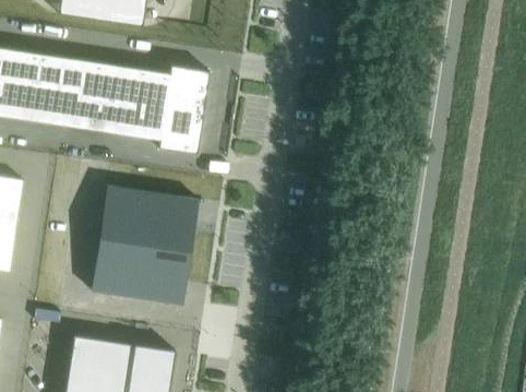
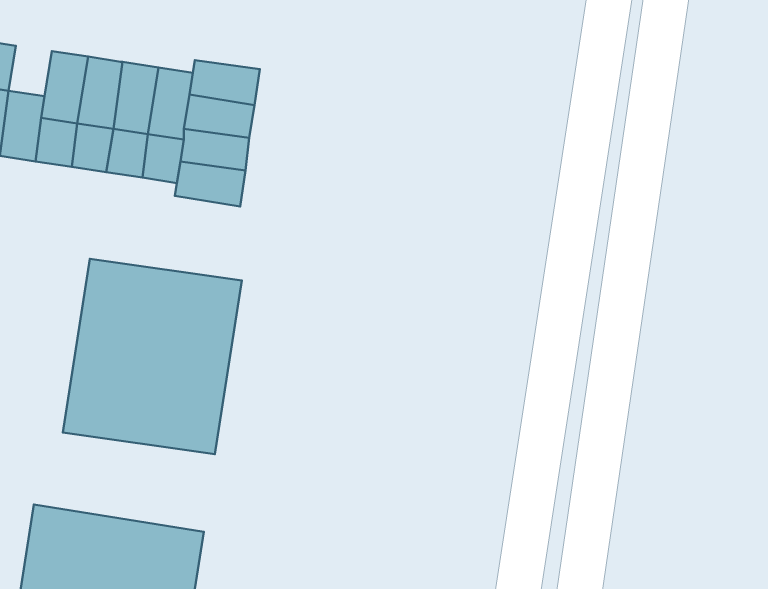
building: [57,57,83,87] -> none

